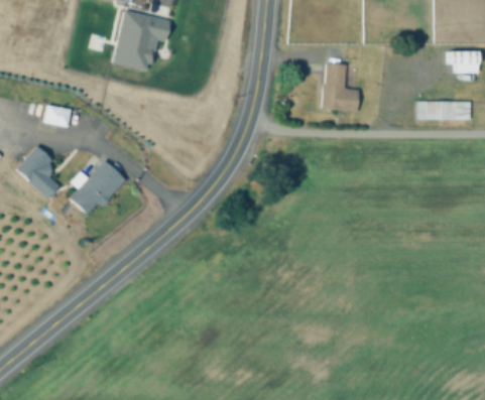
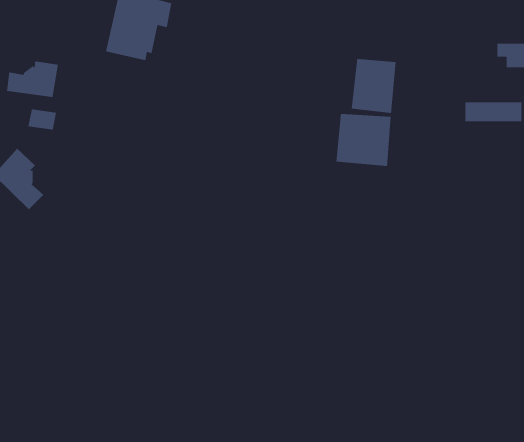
building: none -> [6,61,58,98]
building: none -> [336,113,391,167]
building: [71,156,127,217] -> none

